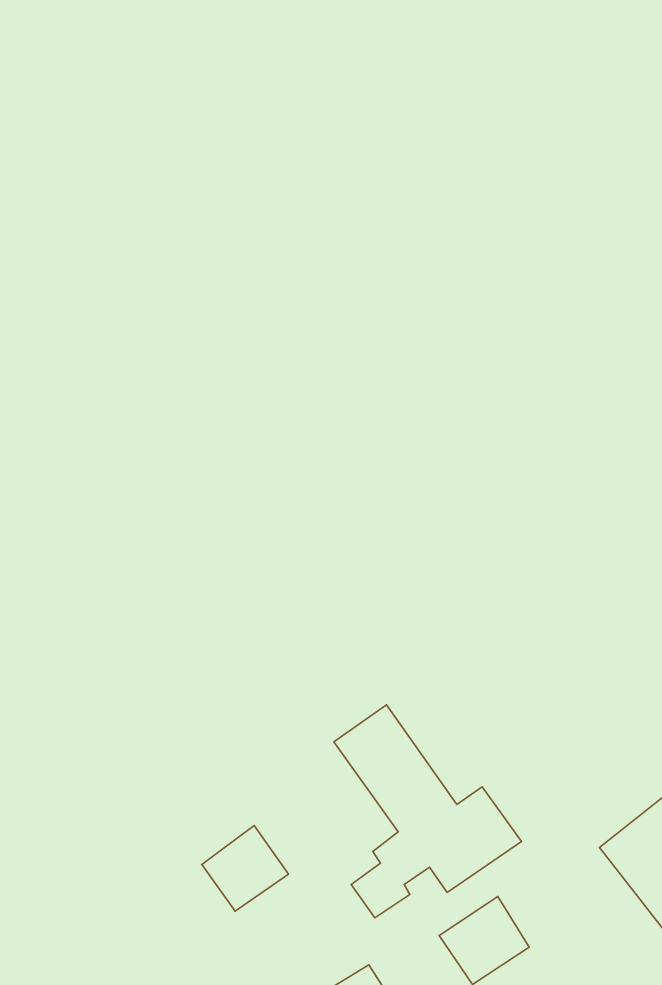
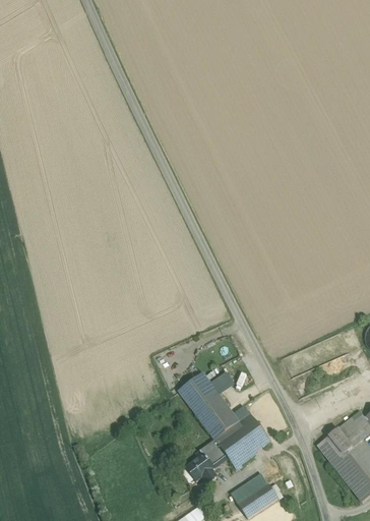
building: [202,826,288,911] -> none

